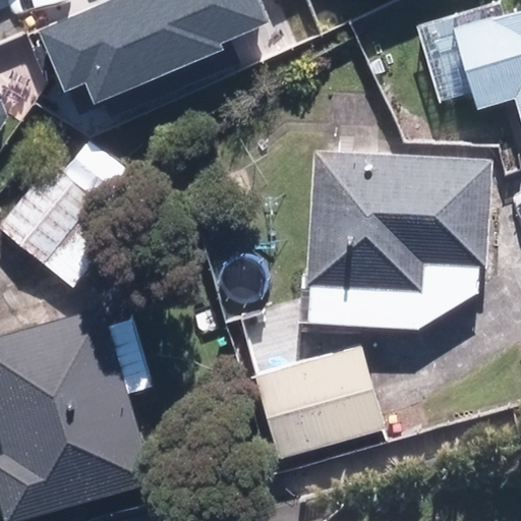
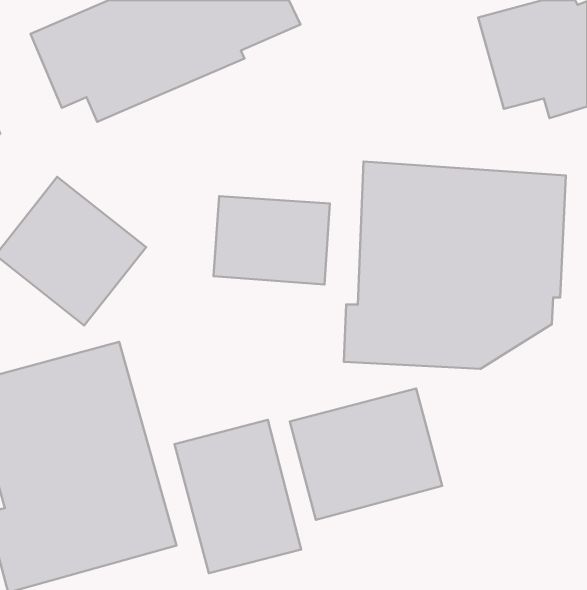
building: none -> [213,196,330,284]
building: none -> [175,420,301,573]

